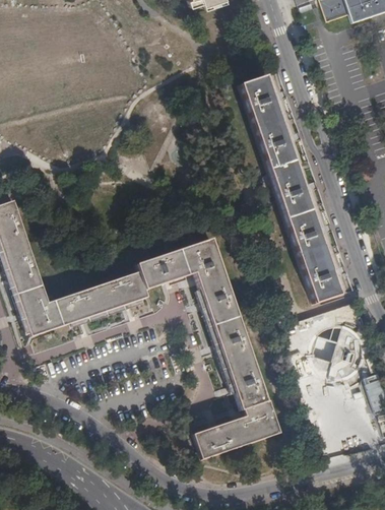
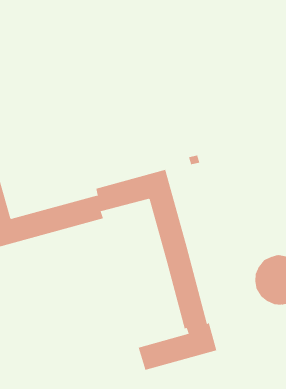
building: [240,76,339,303] -> none

